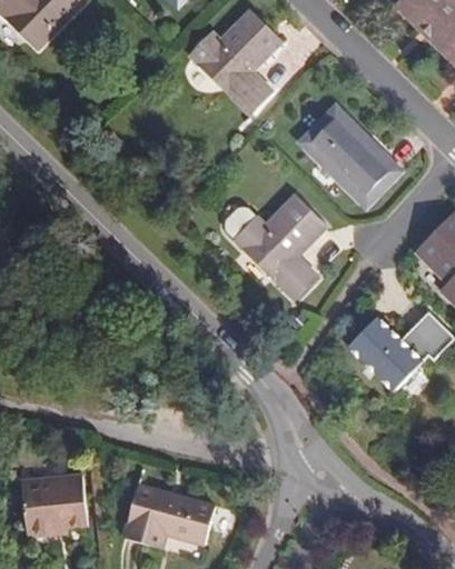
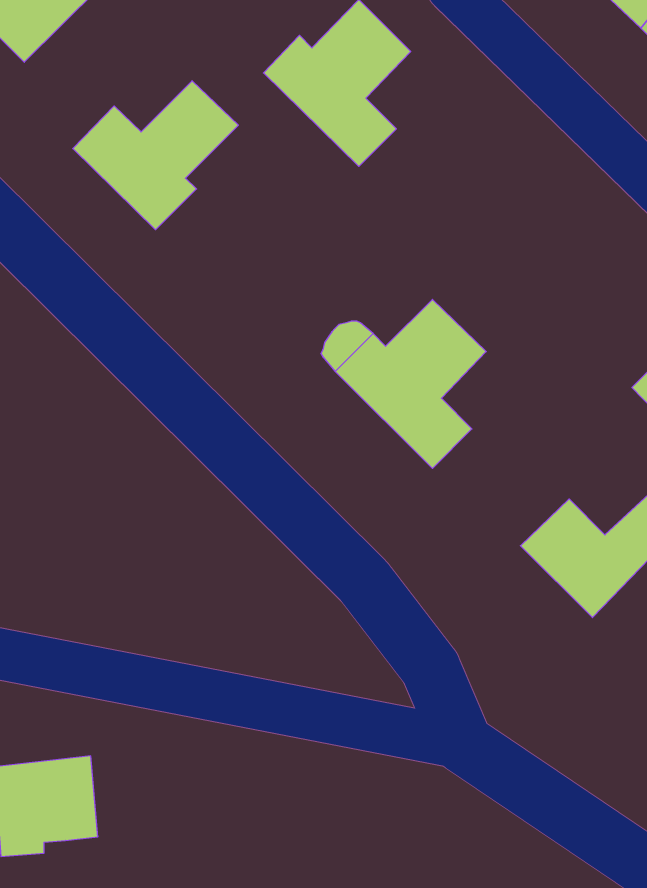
building: none -> [73,81,238,230]
building: [306,109,397,201] -> none
building: [126,489,215,549] -> none

